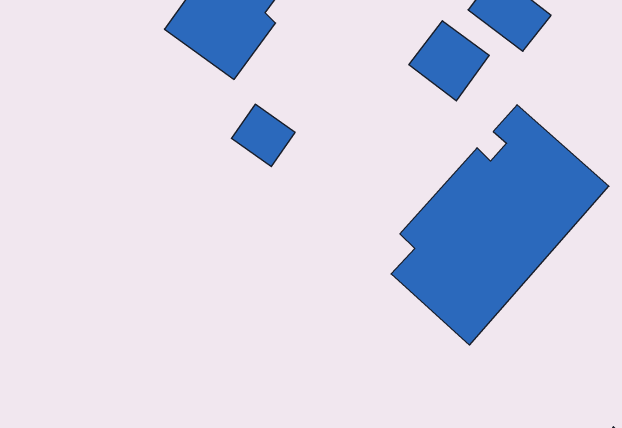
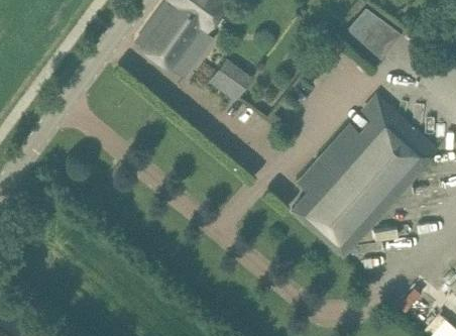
building: [409,21,489,101] -> none
building: [231,104,295,167] -> [209,58,252,100]

